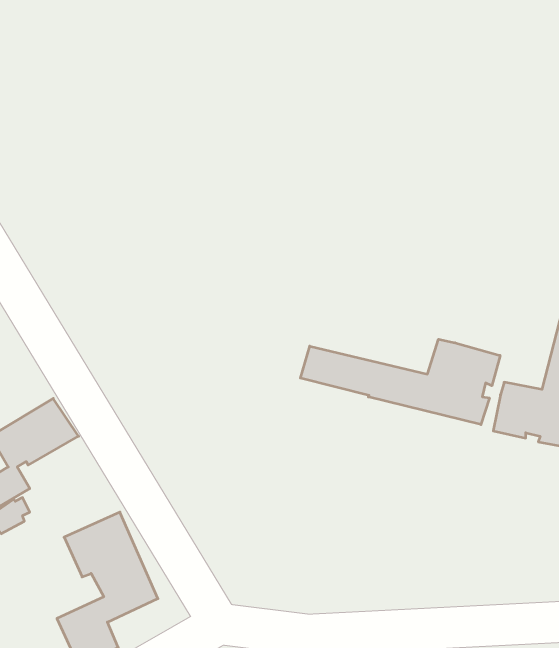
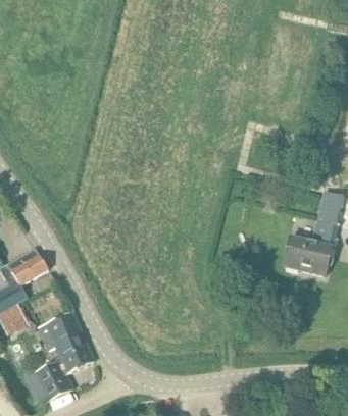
building: [300,339,500,425] -> none

